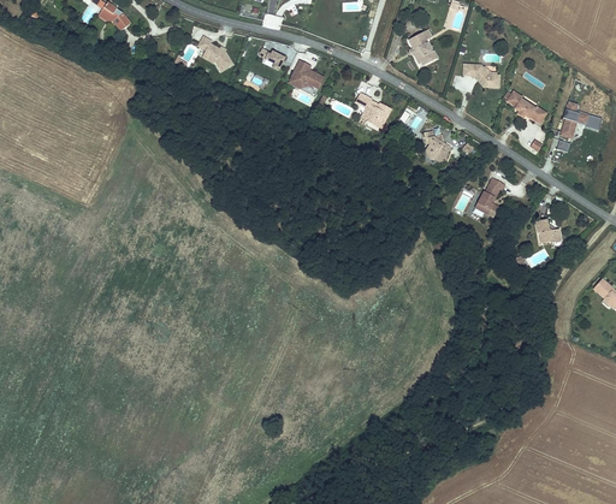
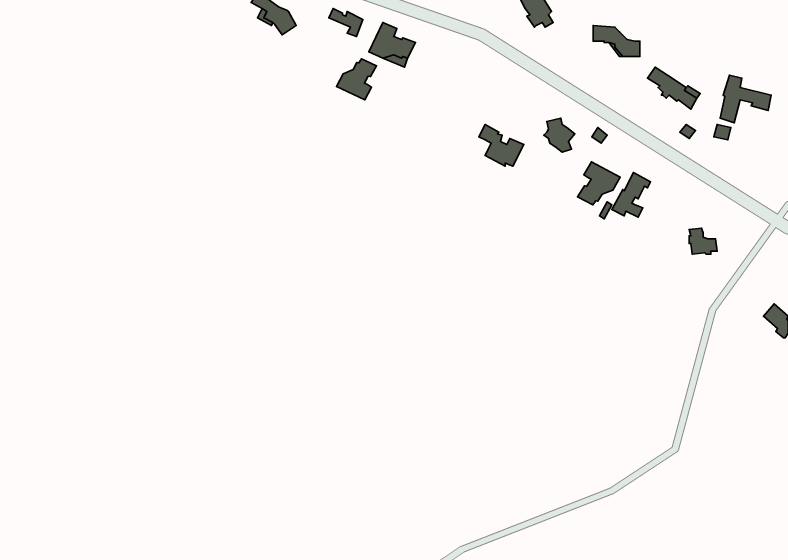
building: none -> [337,59,377,100]
building: [355,91,390,124] -> [479,124,524,166]
building: none -> [577,162,620,205]

